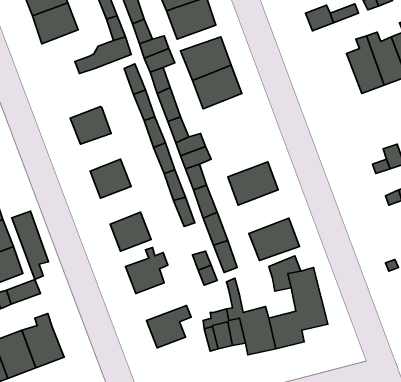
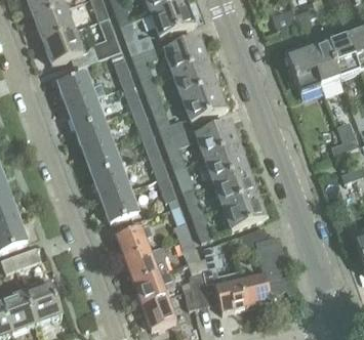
building: none -> [42,28,86,65]
building: none -> [284,45,321,92]
building: none -> [58,72,105,105]
building: none -> [183,84,226,122]
building: none -> [76,119,118,152]
building: none -> [195,119,239,157]
building: none -> [93,165,128,198]
building: none -> [213,168,257,206]
building: [12,211,48,279] -> none
building: none -> [124,245,168,282]
building: none -> [143,296,175,329]

